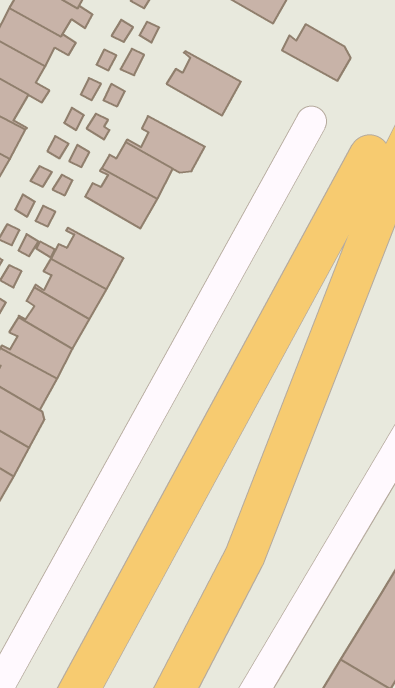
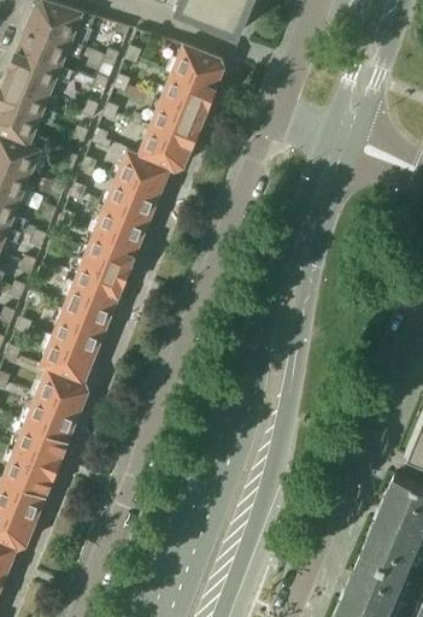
building: [282,24,351,81] -> [166,43,224,87]
building: none -> [142,96,204,145]
building: none -> [88,199,148,246]

